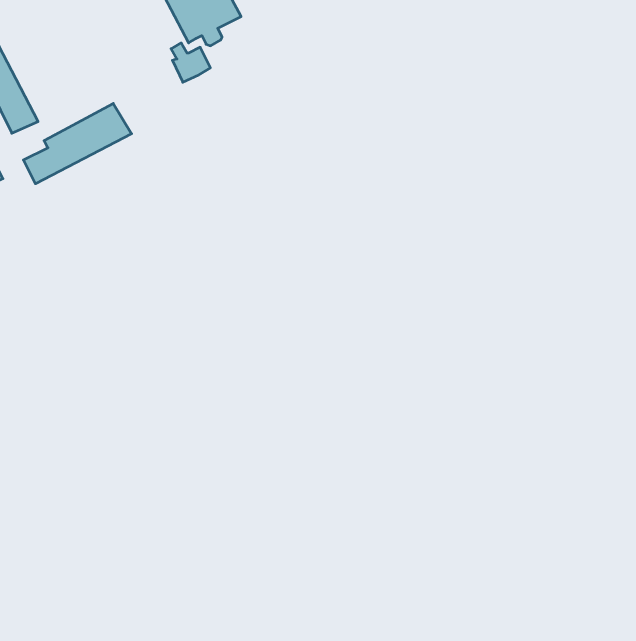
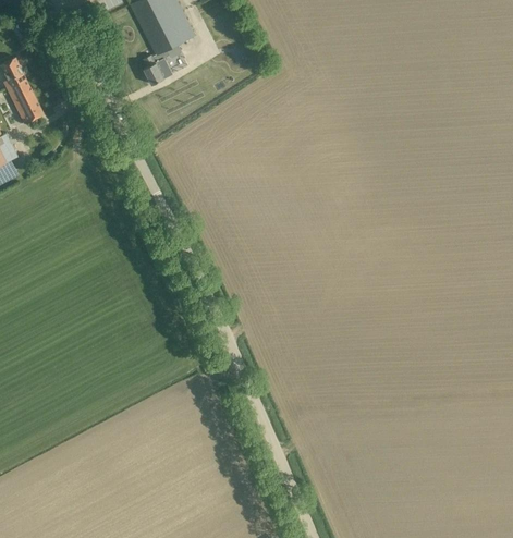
building: [23,103,132,184] -> none

